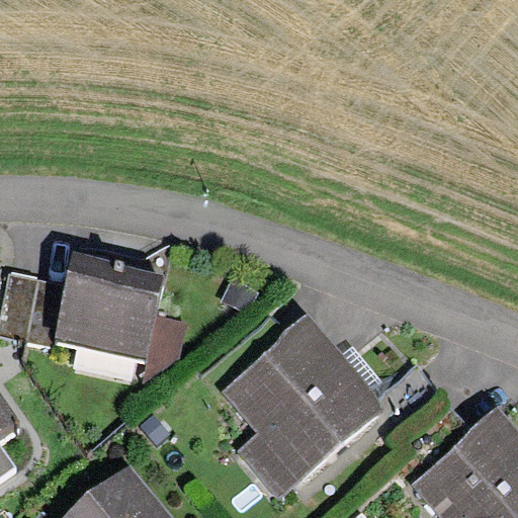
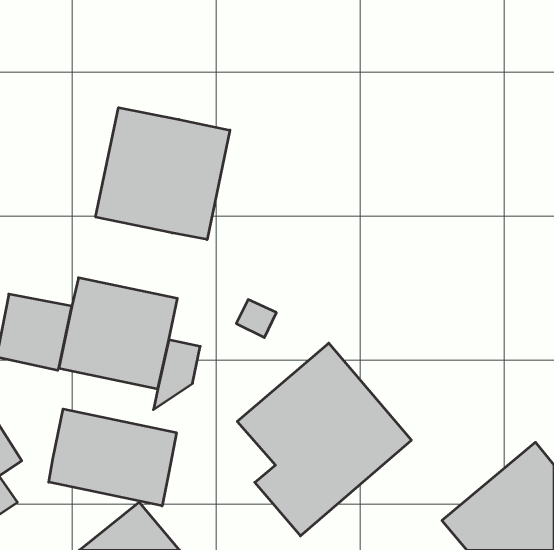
building: none -> [96,108,230,240]
building: none -> [49,409,176,506]

